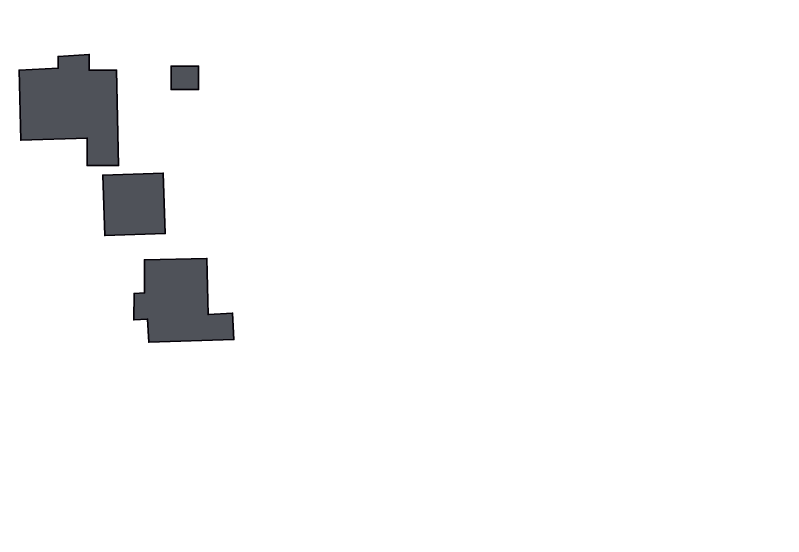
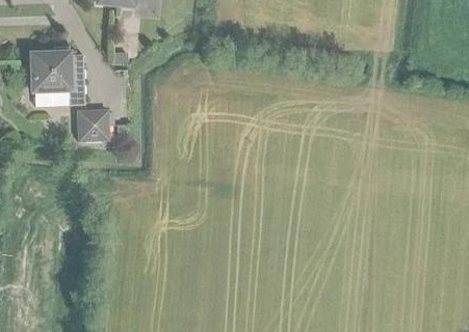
building: [134,258,234,342] -> none

